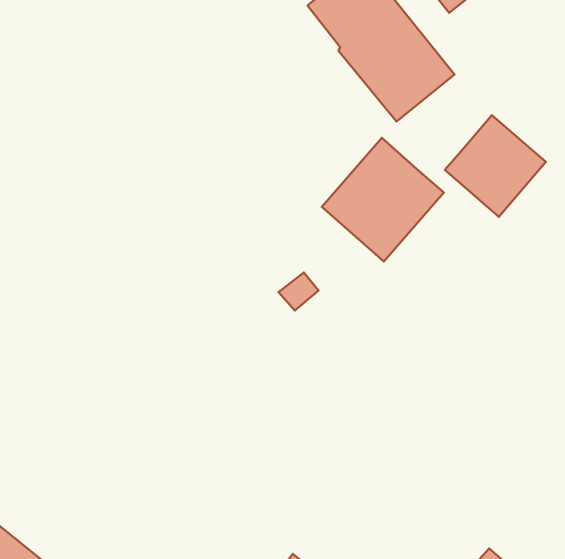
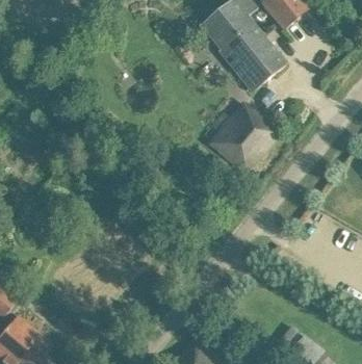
building: [445,115,546,217] -> none

